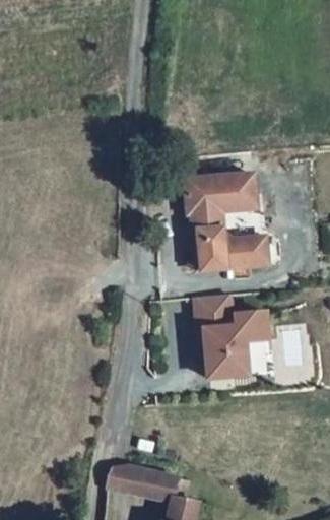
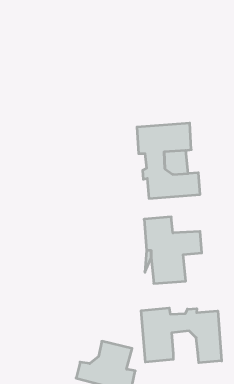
building: none -> [141,308,222,363]

